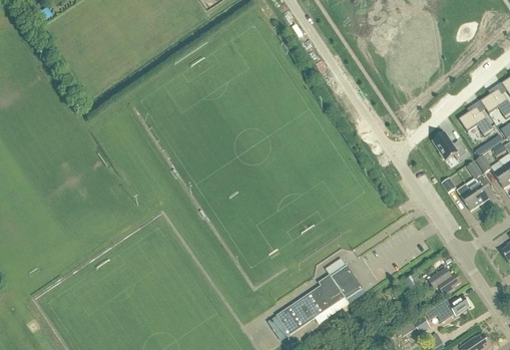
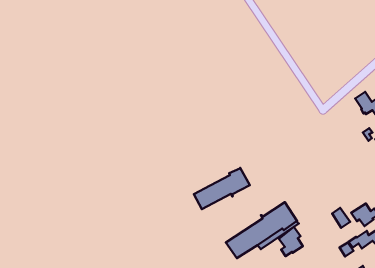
building: none -> [194,168,250,209]
building: none -> [279,227,303,256]

